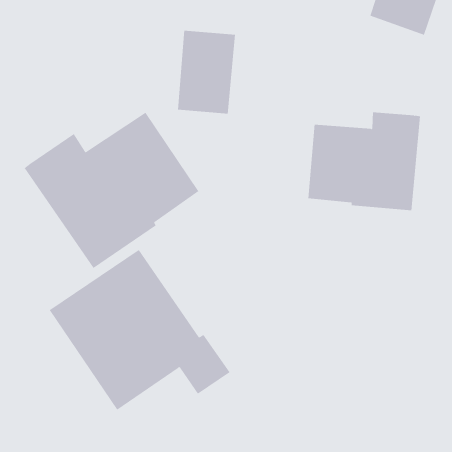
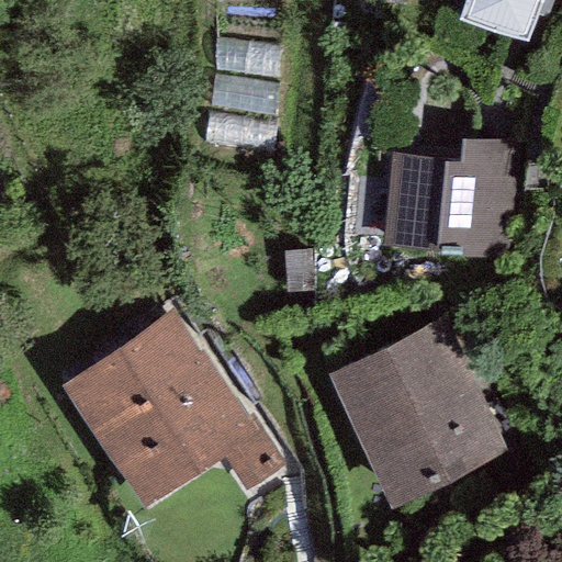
building: [24,112,199,269] -> none
building: none -> [327,318,509,507]

